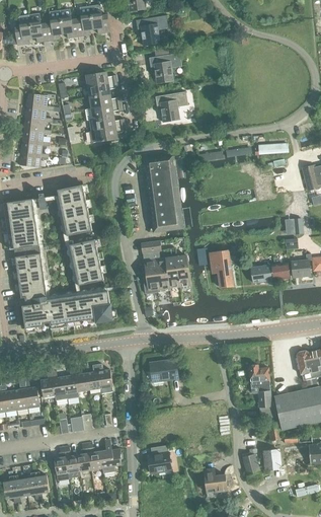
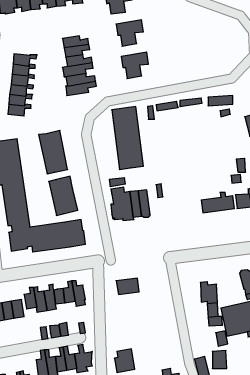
building: [209,250,232,287] -> none

